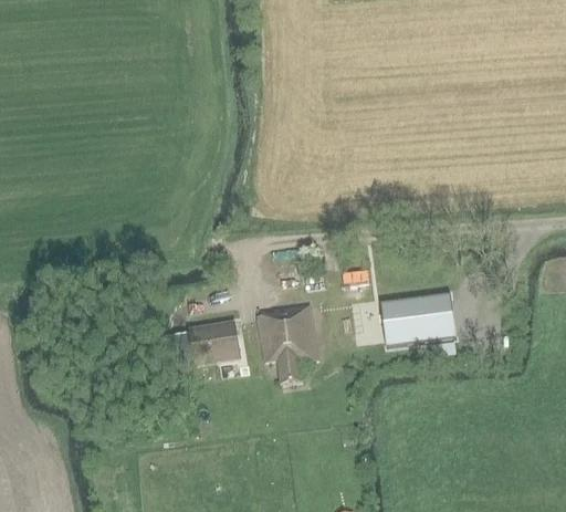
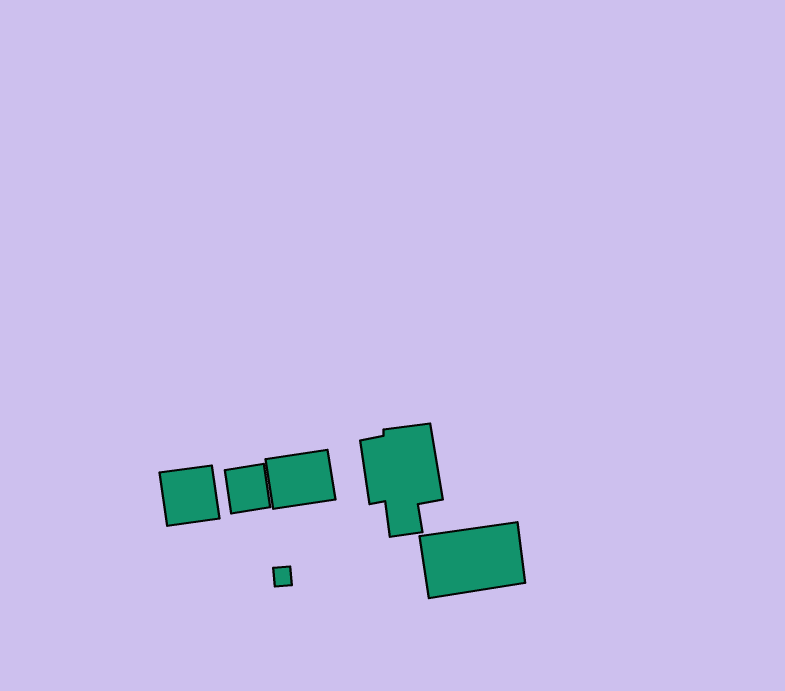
building: [377,291,452,345] -> [420,522,525,598]
building: none -> [159,465,219,526]

